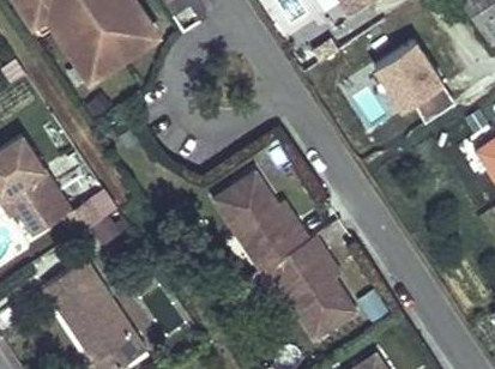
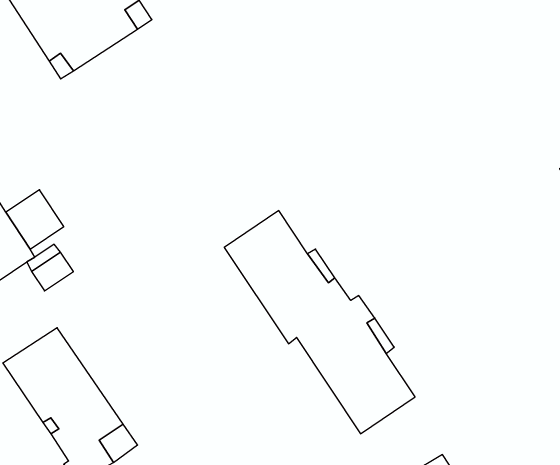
building: [376,38,457,120] -> none

